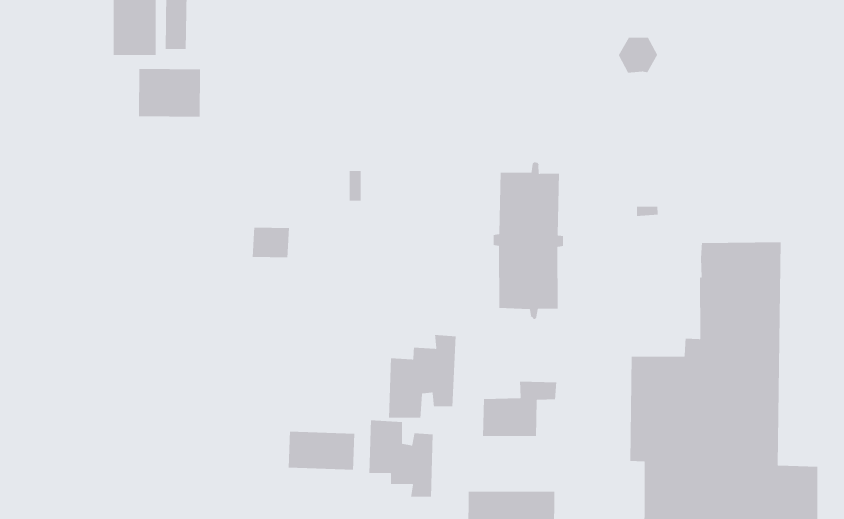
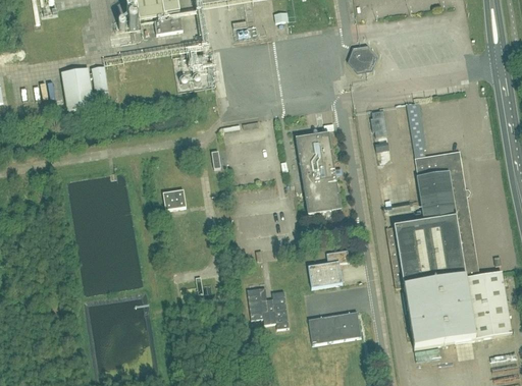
building: [138,68,201,117] -> none
building: [388,334,456,419] -> none
building: [288,431,355,471] -> none

